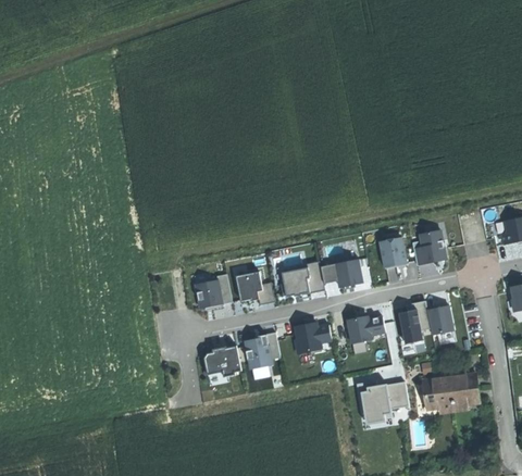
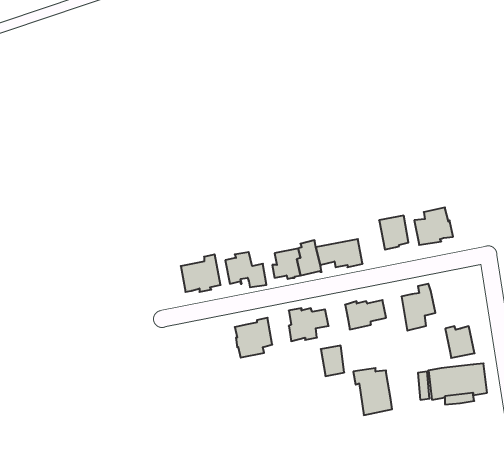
building: [426,305,453,335] -> [445,326,475,358]
building: [203,346,240,377] -> none
building: [385,380,407,409] -> [321,346,344,376]

